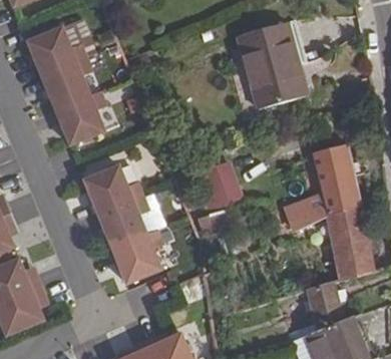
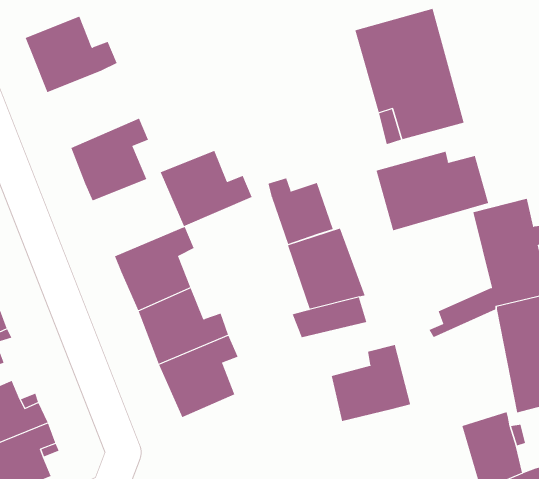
building: [40,62,99,111] -> [160,150,253,227]
building: none -> [376,151,489,231]
building: none -> [268,177,333,245]
building: none -> [331,344,411,422]

